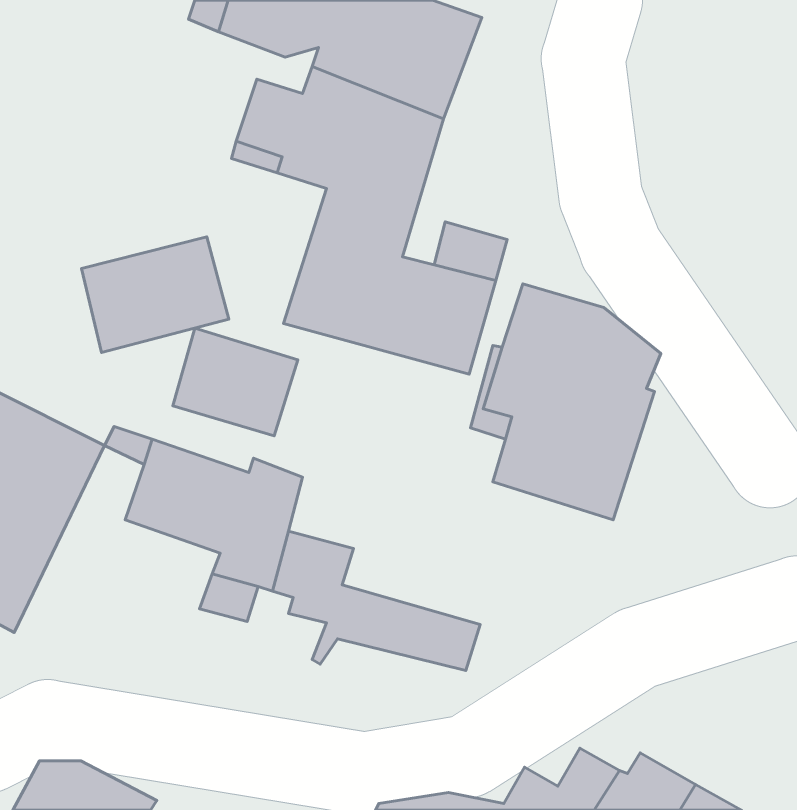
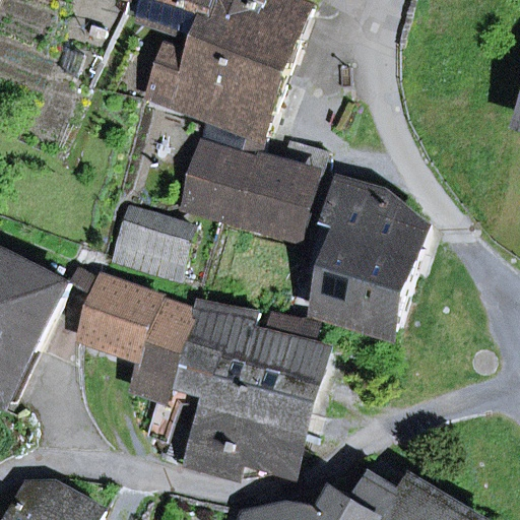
building: [81,237,229,353] -> none
building: none -> [185,306,322,400]
building: none -> [188,409,299,470]

